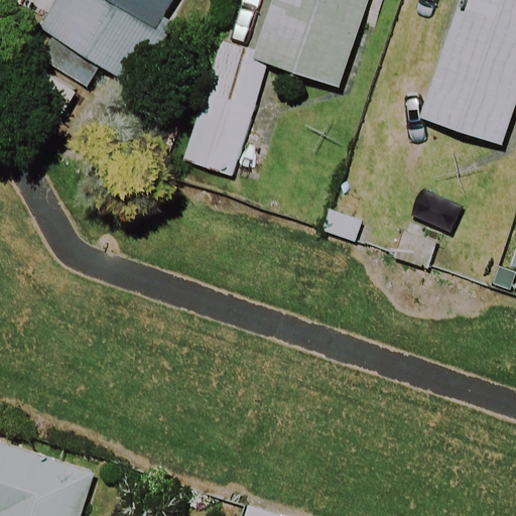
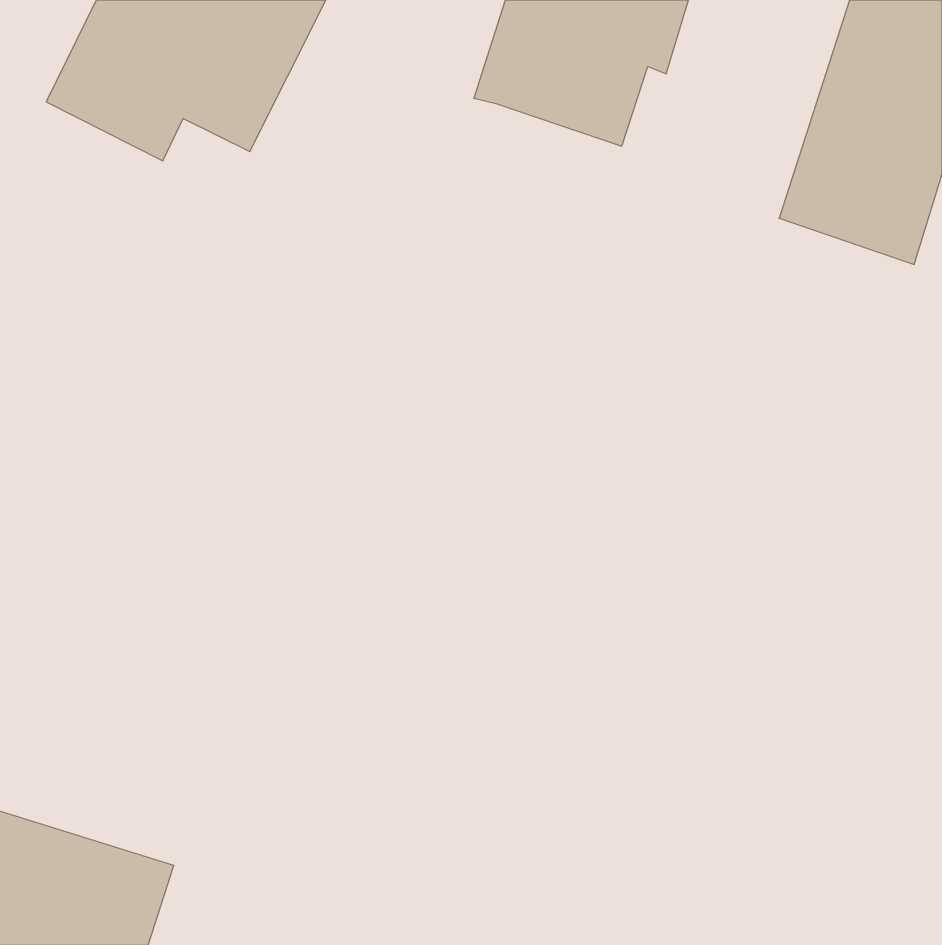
building: [180,41,270,176] -> none

